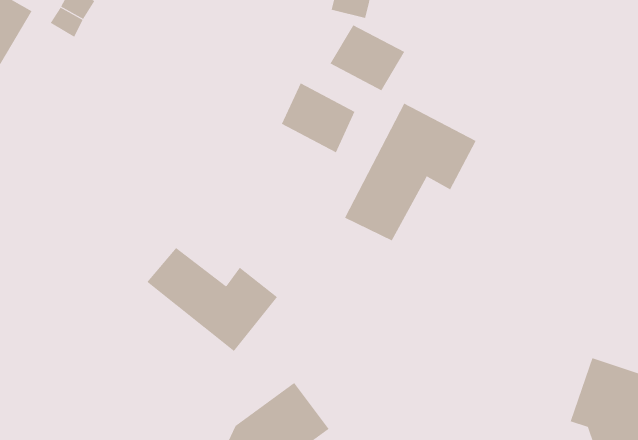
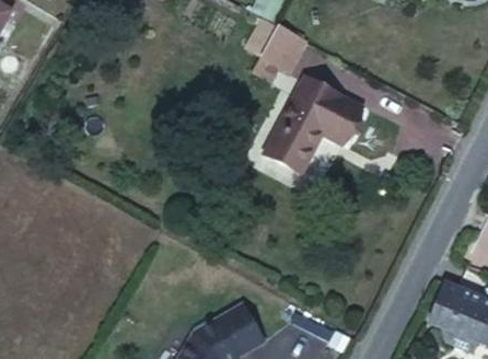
building: [281,83,355,153] -> none
building: [146,247,278,352] -> none

